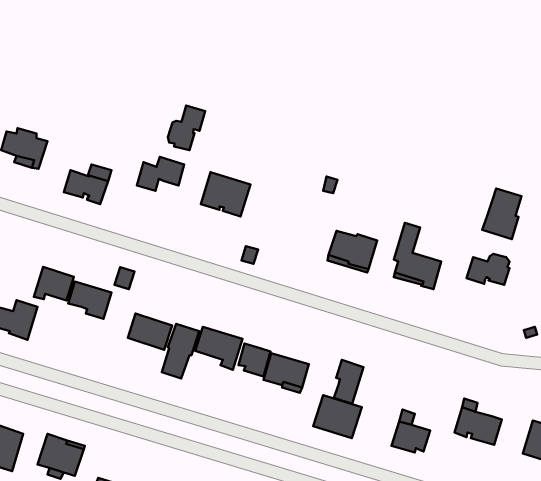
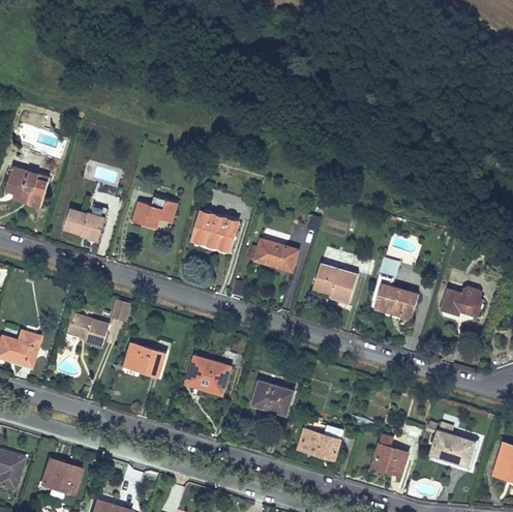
building: [168,106,205,150] -> none
building: [482,189,522,239] -> none
building: none -> [254,240,298,268]
building: [34,267,74,300] -> none
building: [162,324,199,378] -> none
building: [238,343,270,376] -> none
building: [334,360,364,404] -> none

